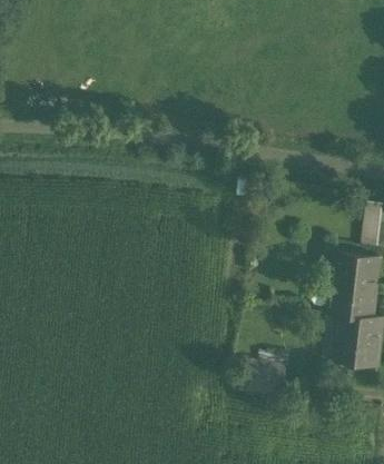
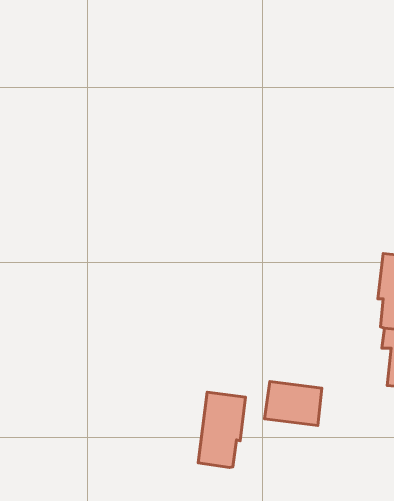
building: none -> [198,392,245,467]

